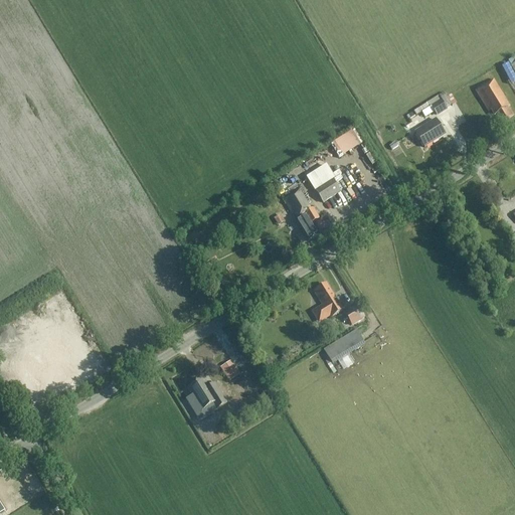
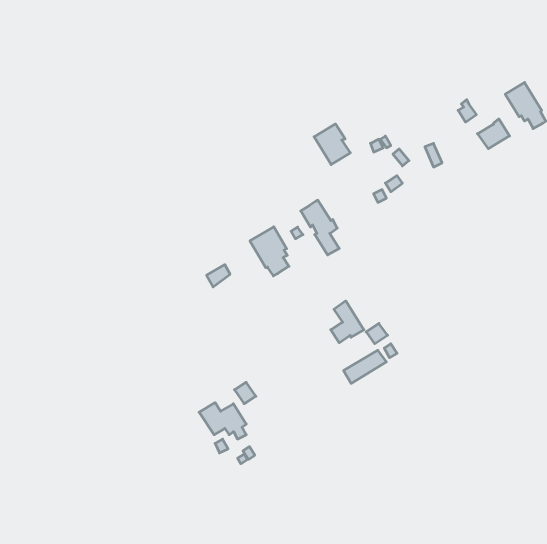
building: [414,118,445,146] -> [477,119,510,149]
building: [306,163,340,201] -> [314,124,350,165]
building: none -> [250,227,289,276]

